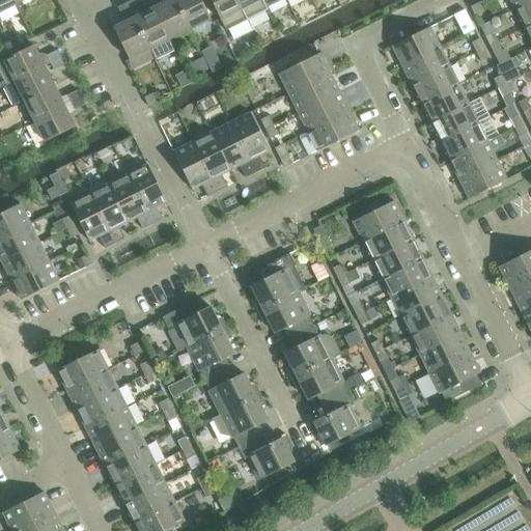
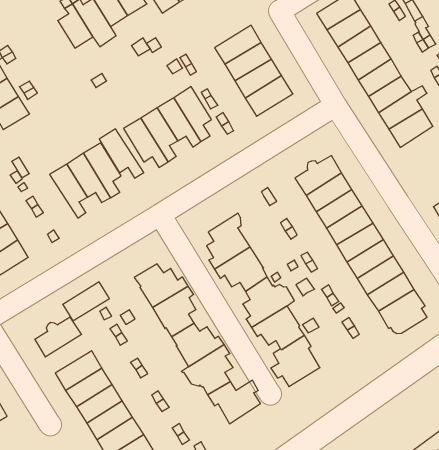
building: [71,193,115,248] -> [99,129,144,178]
building: [66,368,117,408] -> [63,282,109,321]

